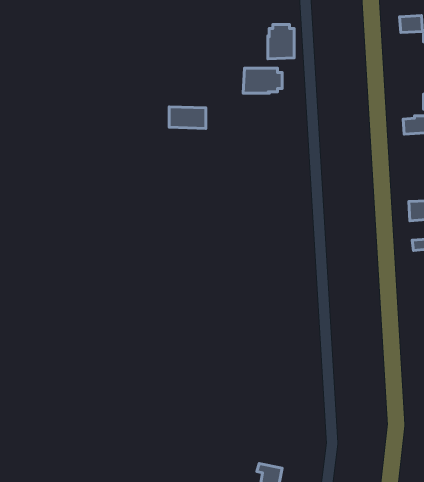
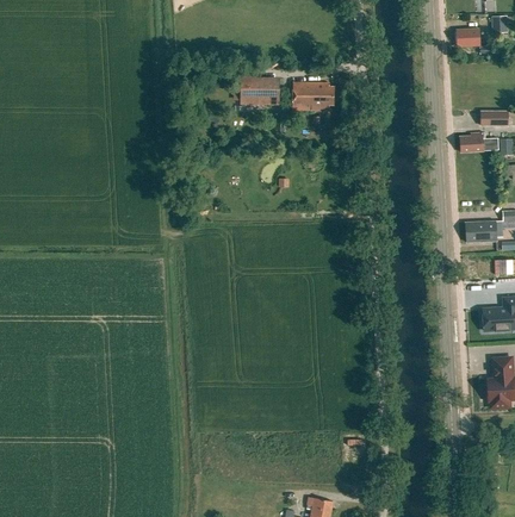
building: [268,25,294,59] -> none
building: [169,107,206,128] -> [241,81,279,104]

